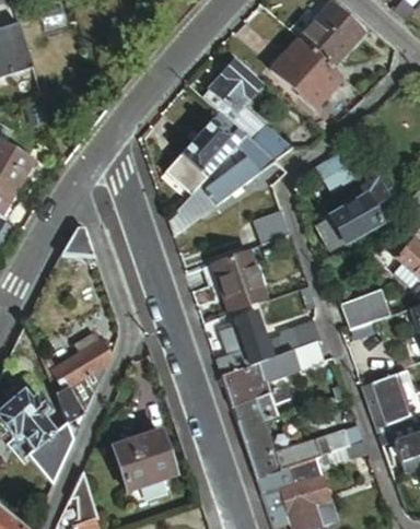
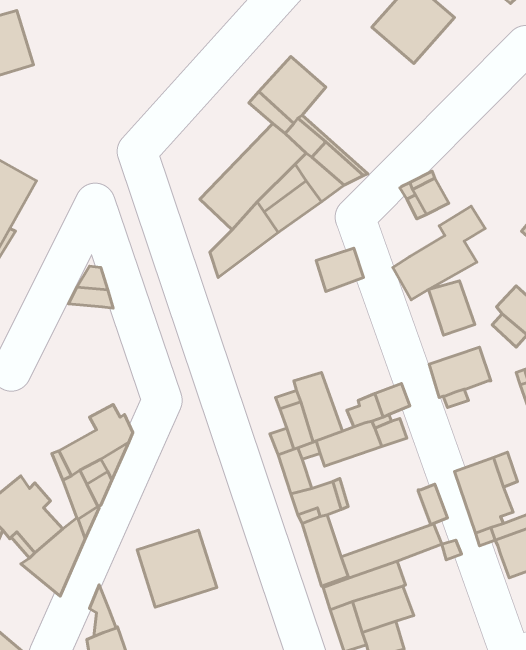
building: [270,38,342,109] -> none
building: none -> [429,281,475,335]
building: [215,248,270,311] -> none

